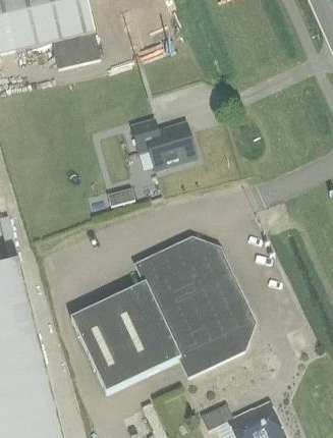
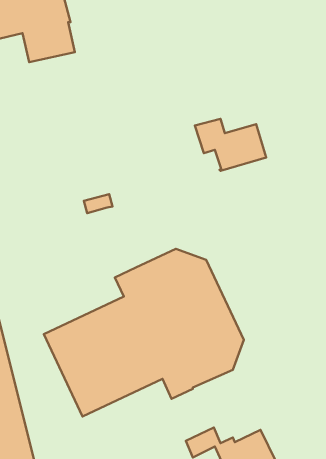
building: [130,117,196,165] -> [195,119,266,171]

